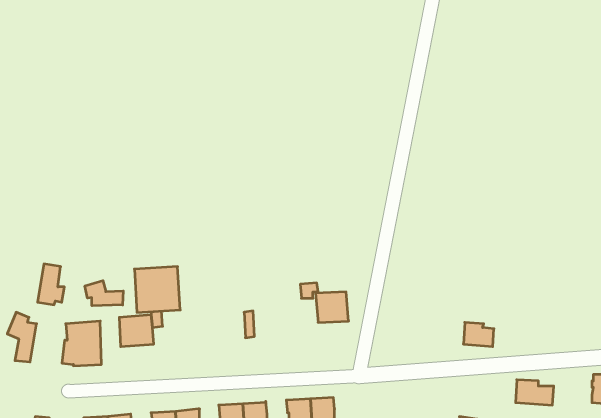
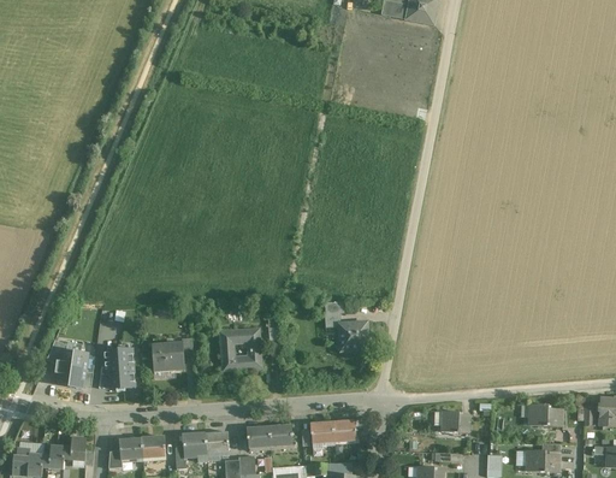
building: [38,264,64,305] -> [67,349,93,388]
building: [134,267,180,312] -> [219,326,262,370]
building: [85,281,123,306] -> none
building: [463,322,494,347] -> [439,409,468,432]

